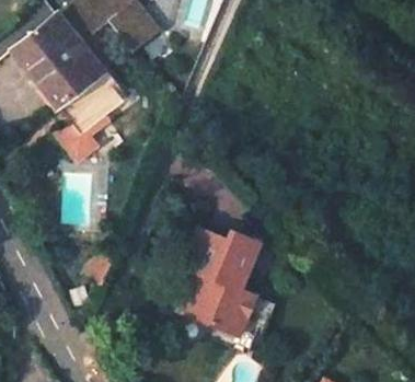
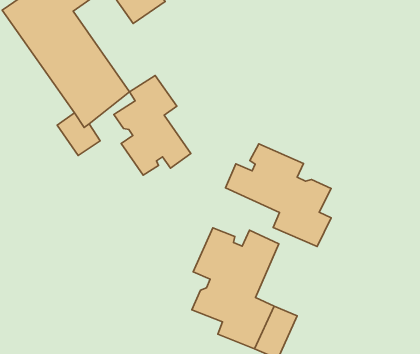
building: none -> [114,76,191,175]
building: none -> [226,144,331,246]

